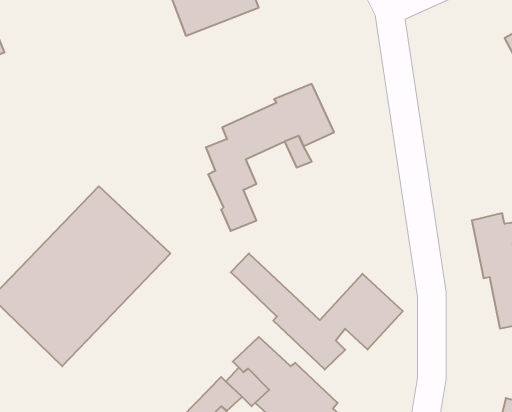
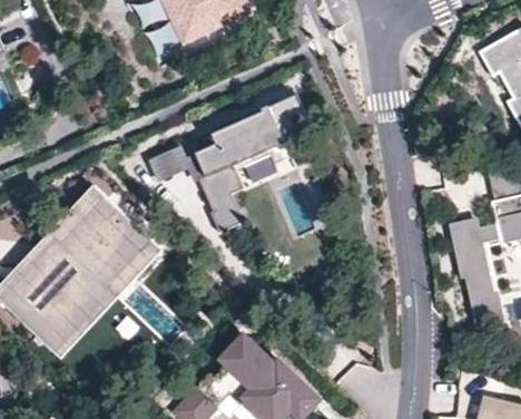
building: none -> [147,148,204,181]
building: [231,253,403,370] -> none

